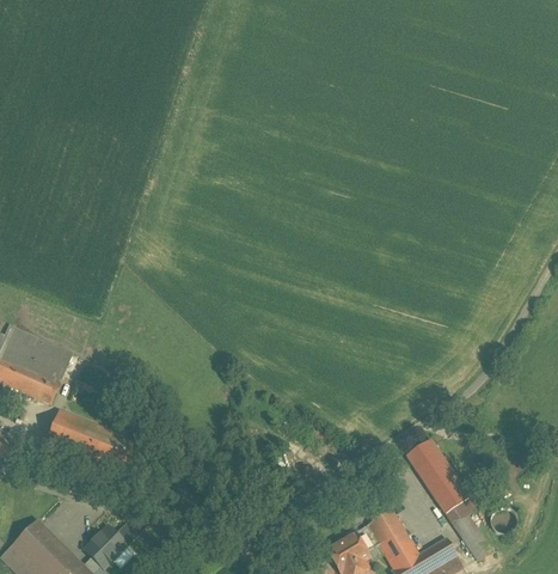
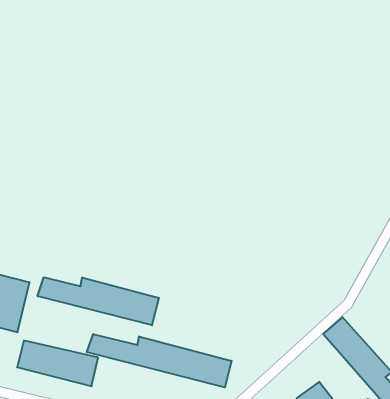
building: none -> [38,277,159,325]
building: none -> [87,334,232,387]

